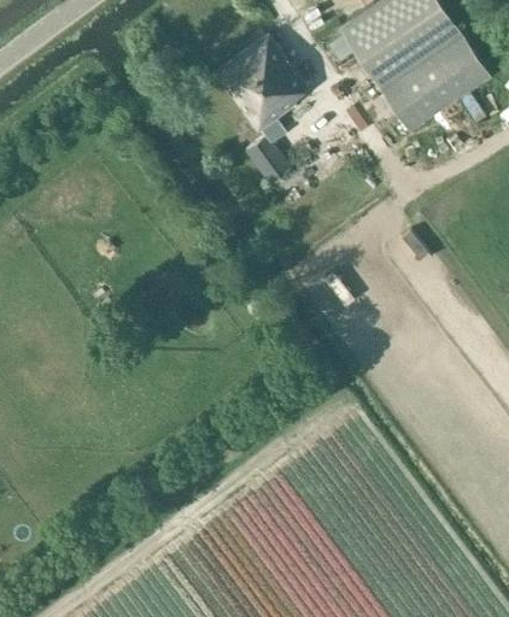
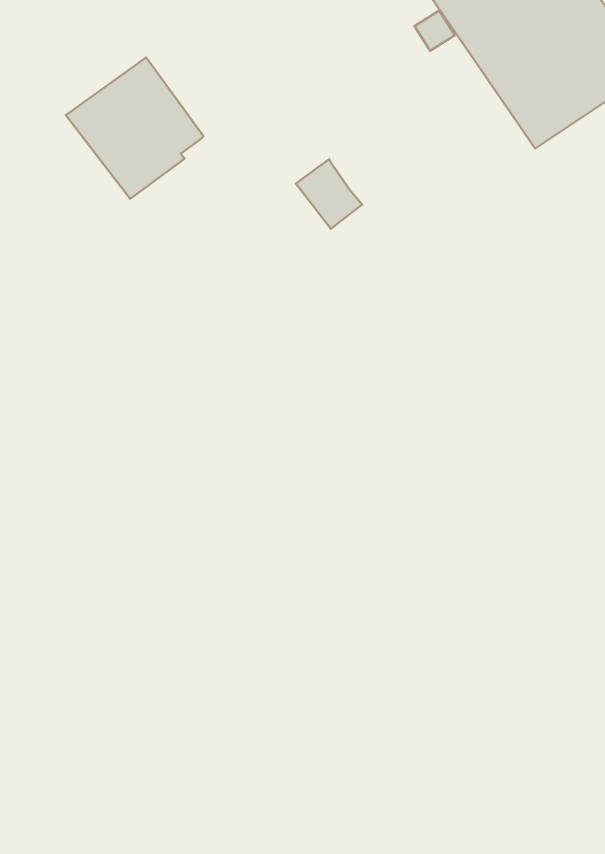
building: [213,35,309,133] -> [66,57,204,199]

